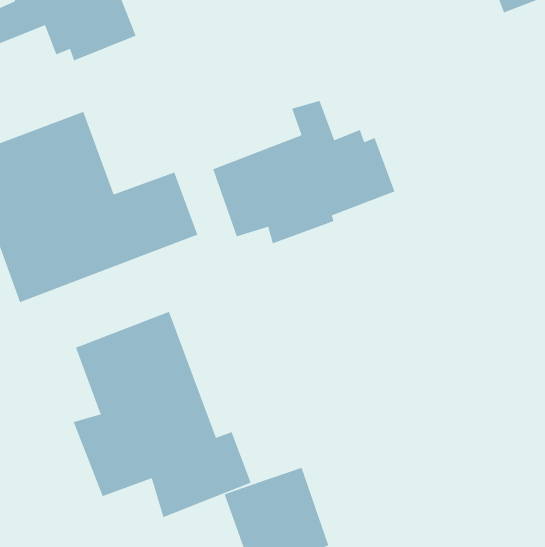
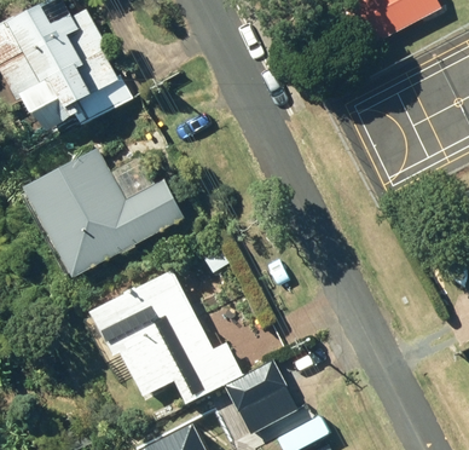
building: [212,100,395,244] -> none

